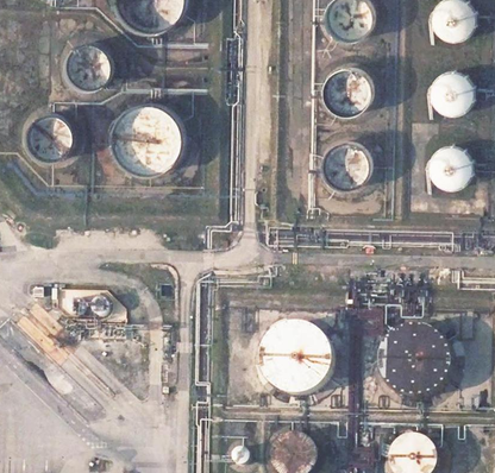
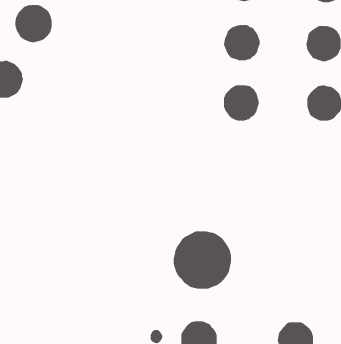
building: [113,101,184,172] -> none
building: [383,324,456,397] -> none

